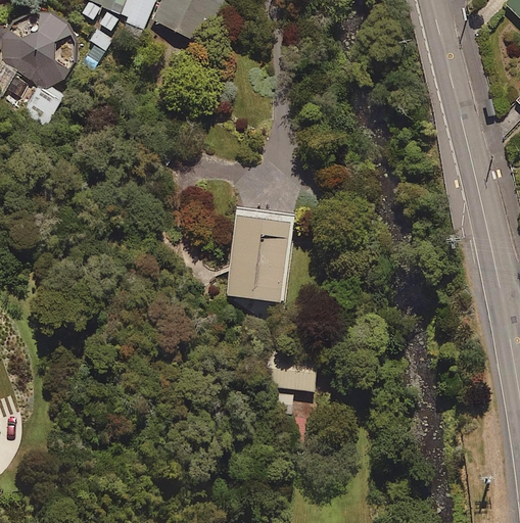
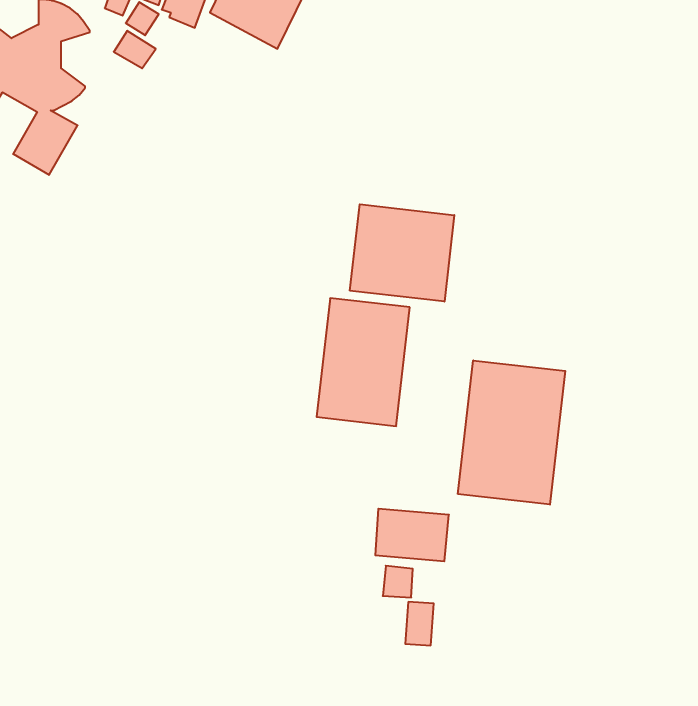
building: none -> [350,204,454,302]
building: none -> [458,360,565,505]

